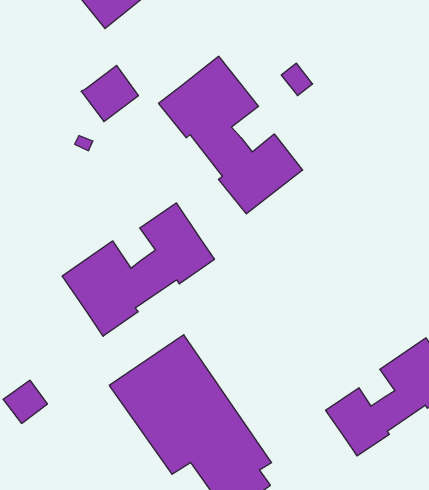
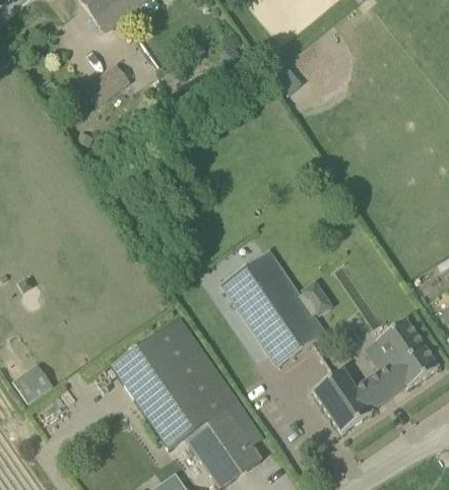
building: [159,56,303,214] -> none
building: [62,203,214,336] -> none
building: none -> [219,249,333,366]

